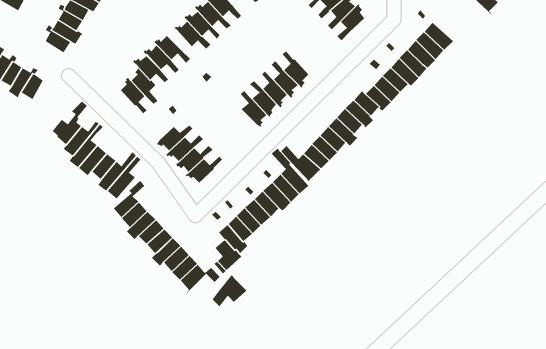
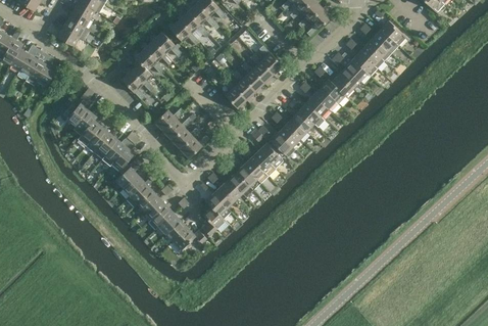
building: [212,274,247,307] -> none

